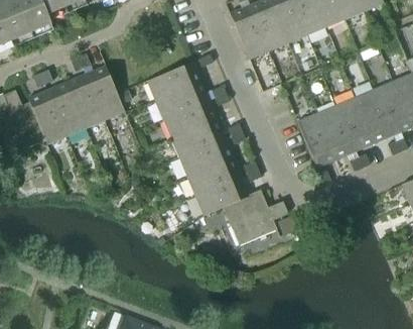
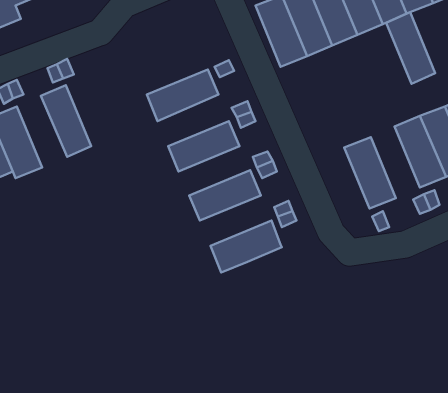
building: [85,66,124,120] -> none
building: [154,81,209,120] -> none
building: [47,82,86,136] -> none
building: [316,105,354,159] -> [386,12,435,84]
building: [170,120,225,157] -> none
building: [186,157,241,196] -> none
building: [223,190,287,245] -> none

